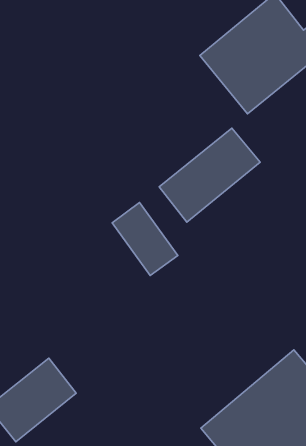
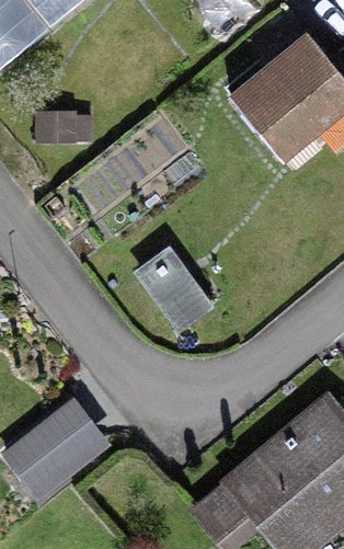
building: [159,128,260,222] -> none

